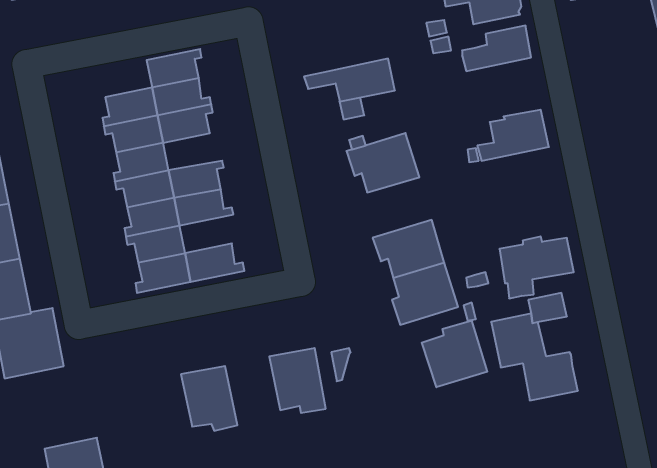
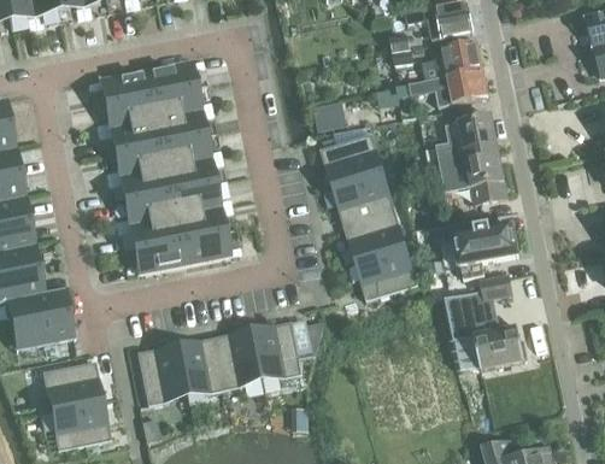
building: [304,59,395,101] -> [407,67,487,105]
building: none -> [98,70,149,102]
building: none -> [159,134,211,166]
building: none -> [437,146,506,202]
building: none -> [336,172,394,225]
building: none -> [174,205,222,239]
building: [422,320,487,387] -> none
building: none -> [213,329,262,389]
building: none -> [136,345,184,405]
building: none -> [41,362,101,410]

